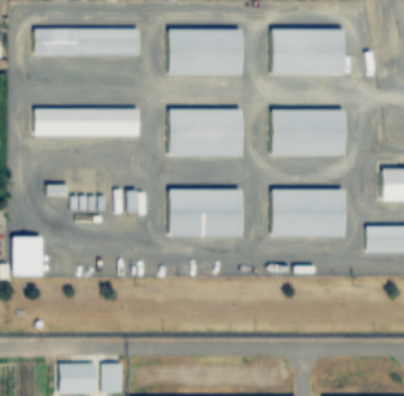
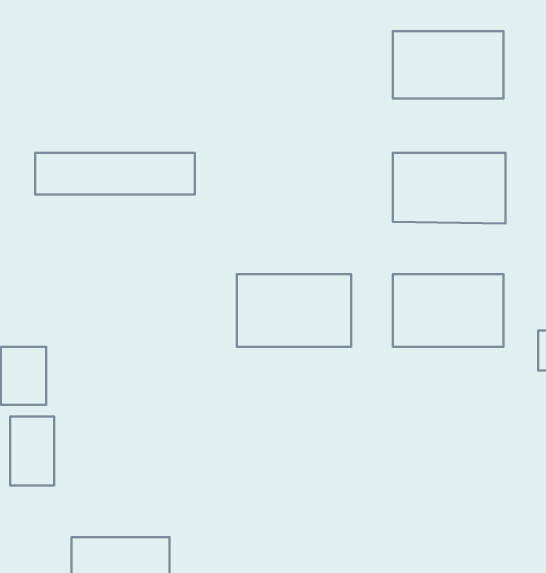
building: [35,28,140,55] -> none
building: [168,29,245,74] -> none
building: [168,109,243,157] -> none
building: none -> [10,417,54,485]

